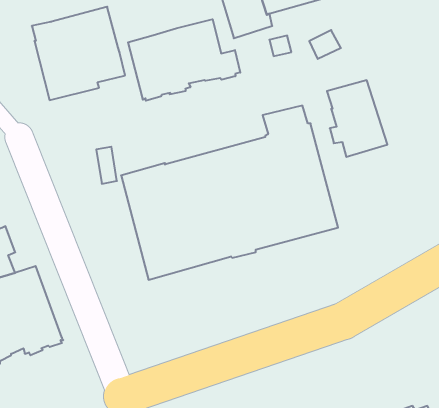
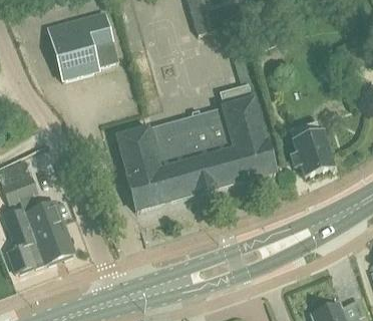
building: [128,19,240,101] -> none
building: [327,80,387,157] -> [289,120,333,177]

